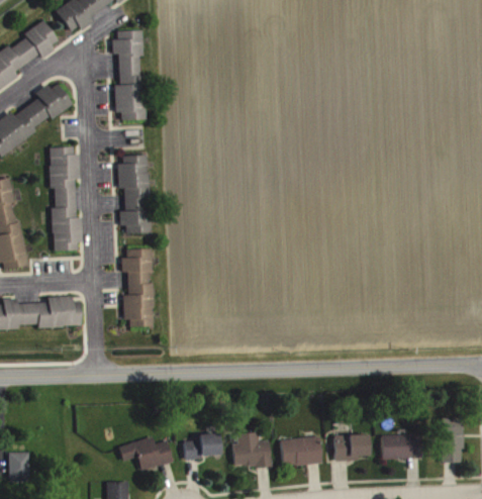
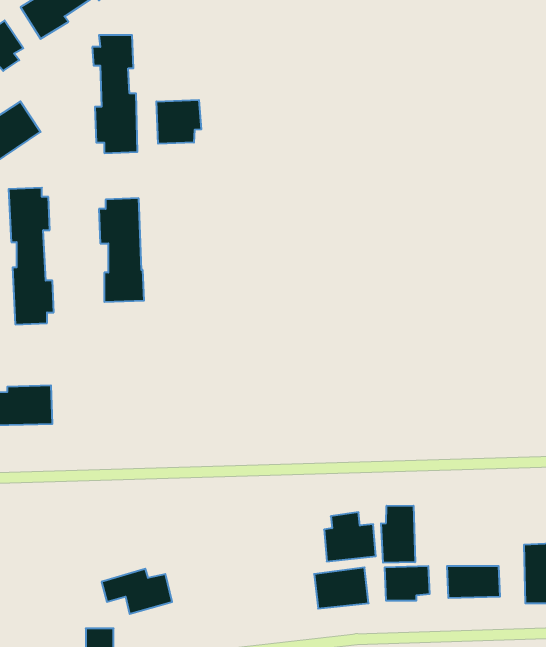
building: none -> [156,100,201,144]
building: [121,248,154,326] -> none
building: none -> [381,506,415,563]
building: [231,431,271,469] -> [324,512,376,561]
building: [183,433,219,458] -> none

